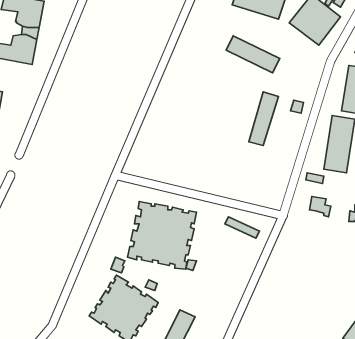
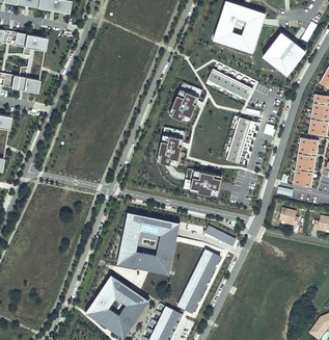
building: none -> [171,91,196,120]
building: none -> [158,136,182,165]
building: none -> [191,172,221,195]
building: none -> [176,247,220,312]

